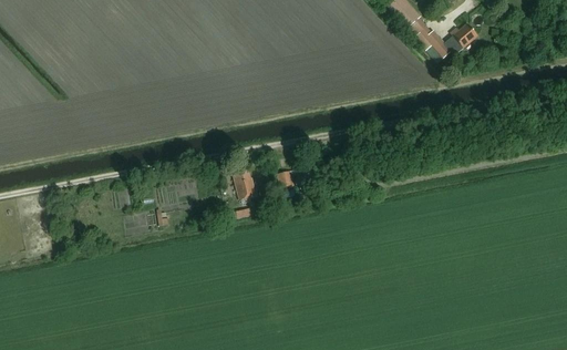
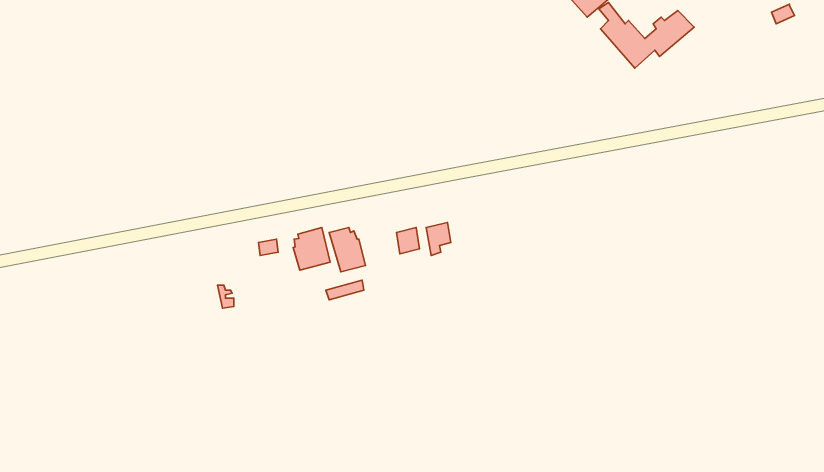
building: none -> [293,227,330,270]

